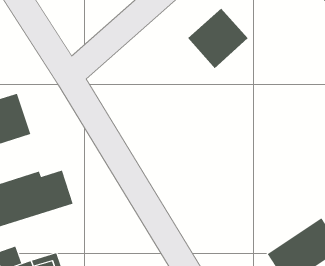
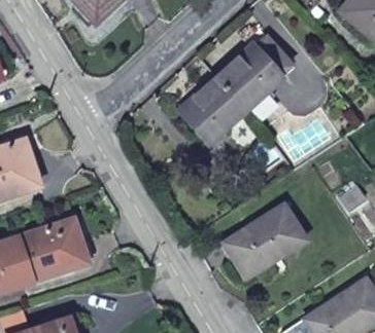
building: none -> [178,76,246,144]
building: none -> [225,203,306,271]

